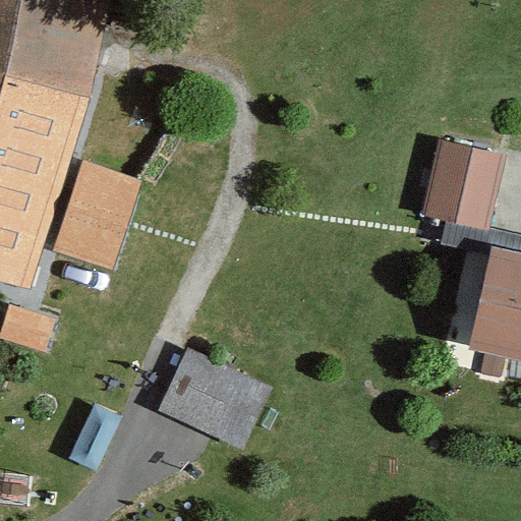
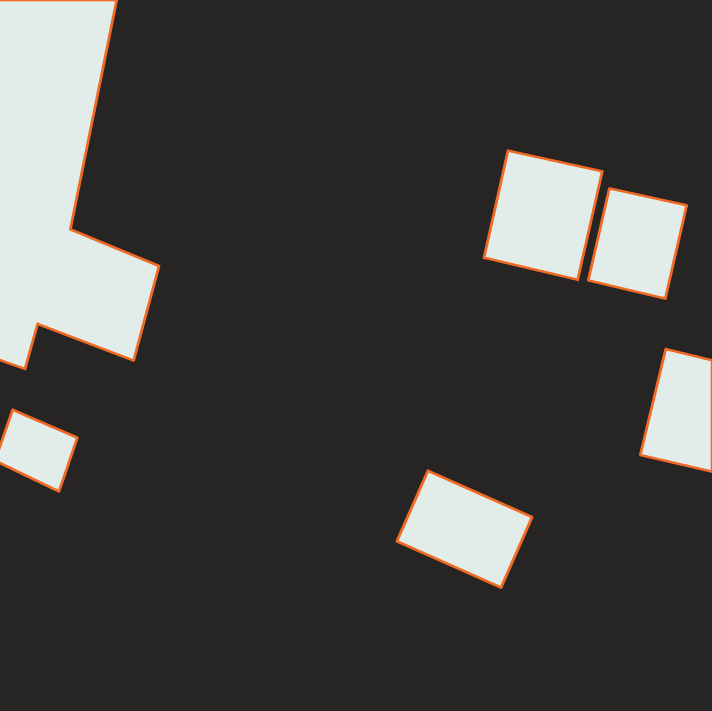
building: none -> [484,151,602,280]
building: [166,361,264,446] -> [397,471,532,588]

